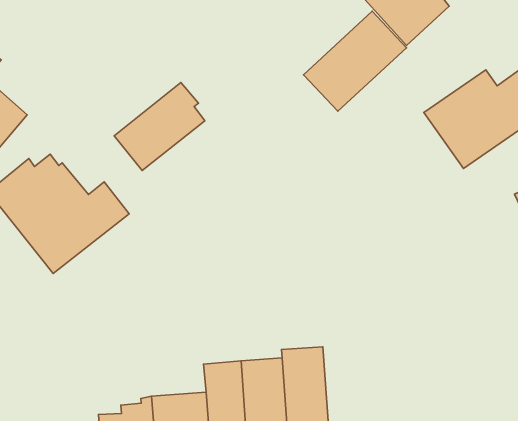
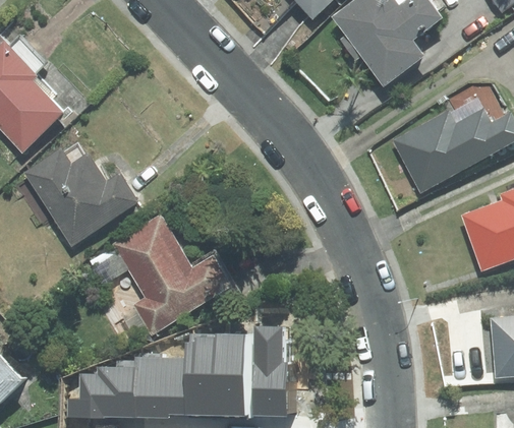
building: [304,11,406,111] -> none
building: [114,82,205,171] -> none
building: none -> [89,219,233,340]

